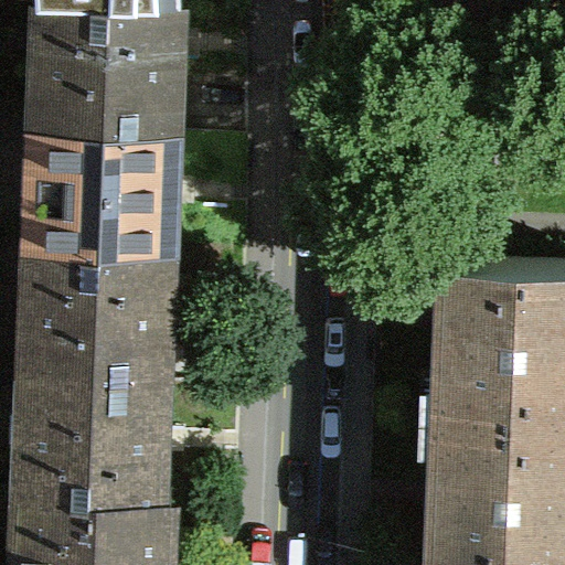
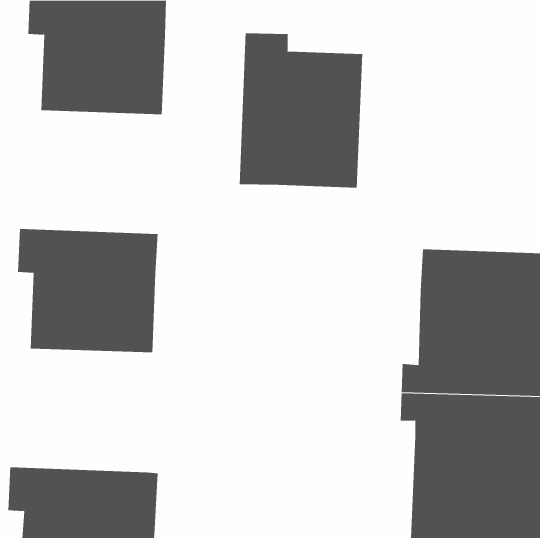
building: none -> [239,32,363,188]
building: [23,120,172,248] -> none
building: [13,367,162,495] -> none

